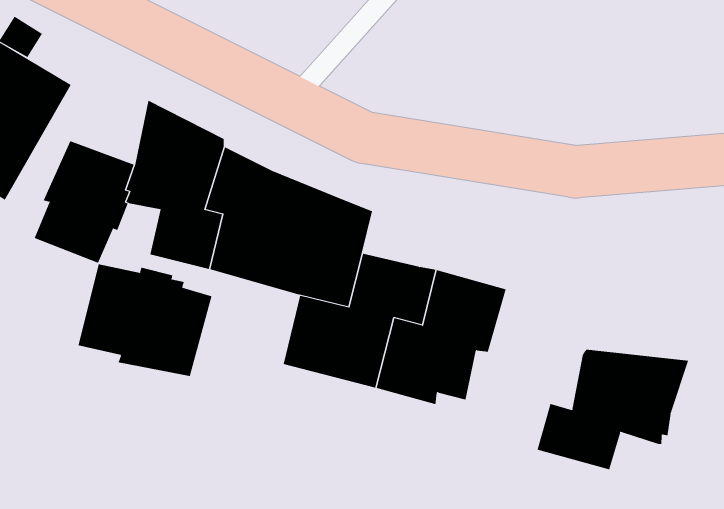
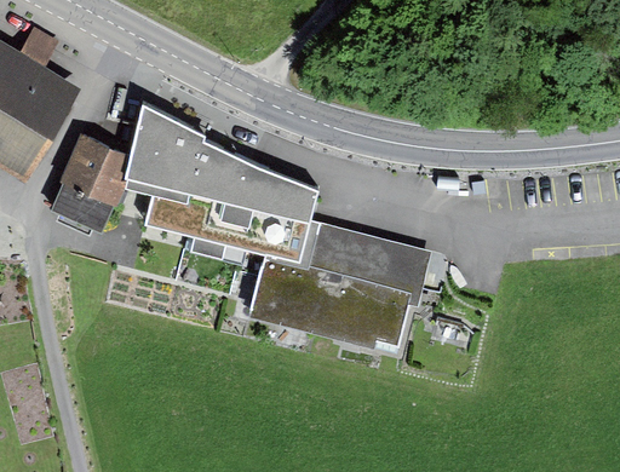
building: [78,264,212,377] -> none
building: [537,349,689,470] -> none

